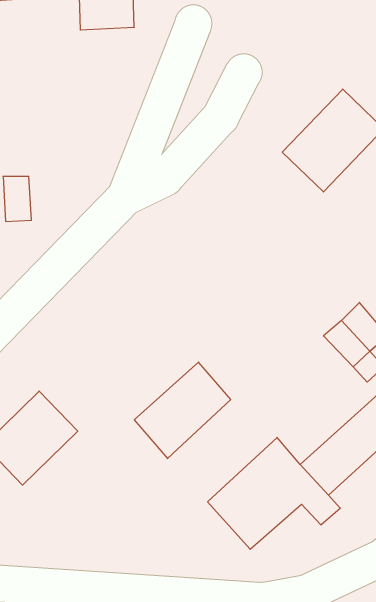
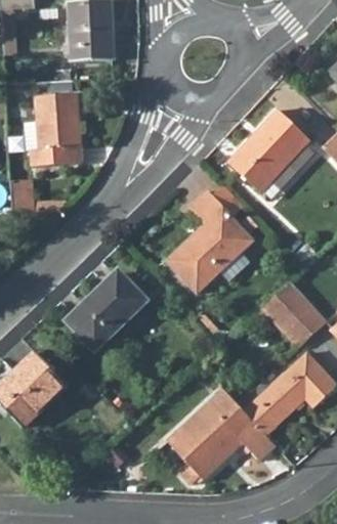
building: none -> [25,95,77,168]
building: none -> [167,190,251,293]
building: [134,362,231,459] -> [67,272,143,349]

